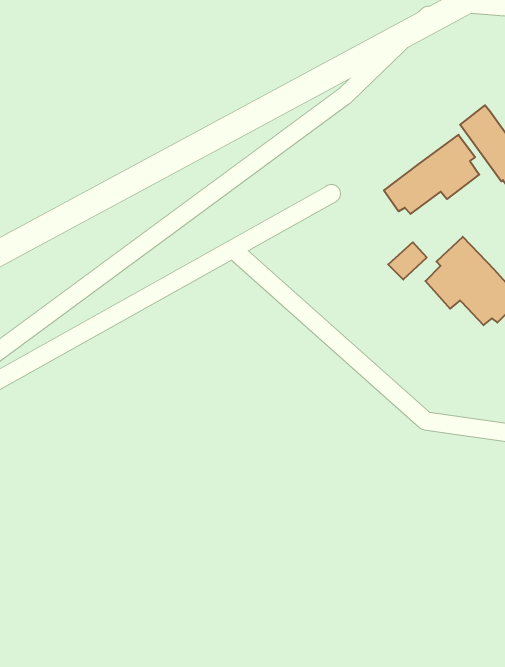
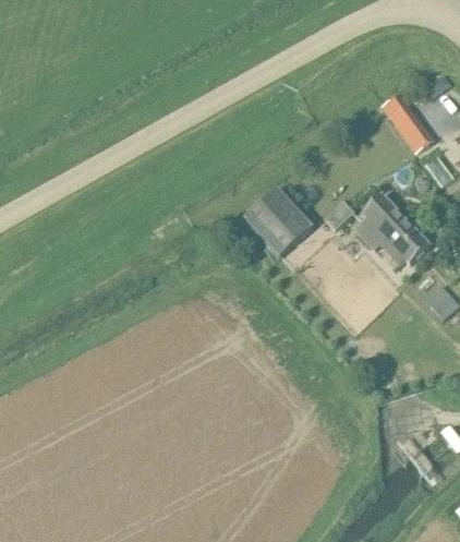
building: [384,135,479,214] -> none
building: none -> [243,186,312,255]

